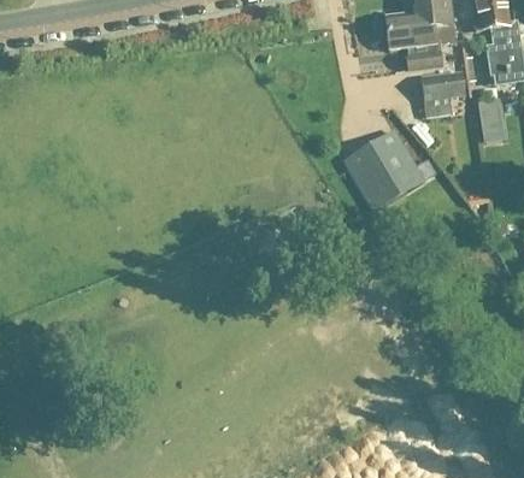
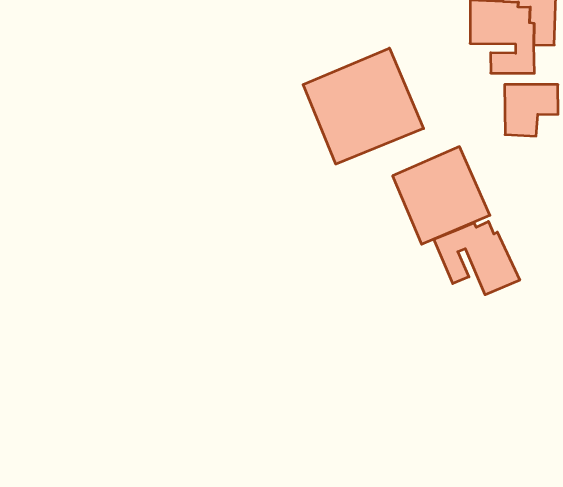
building: none -> [303,48,424,164]
building: none -> [434,221,520,295]

